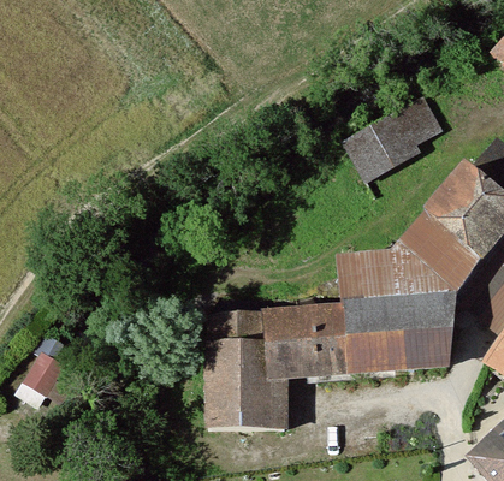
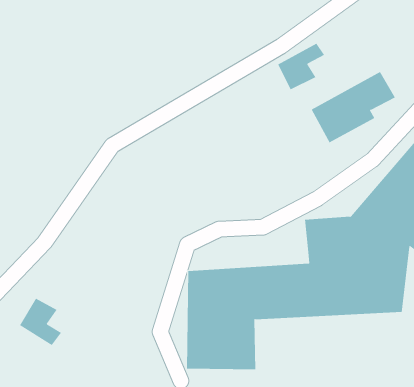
building: none -> [277,43,325,90]

